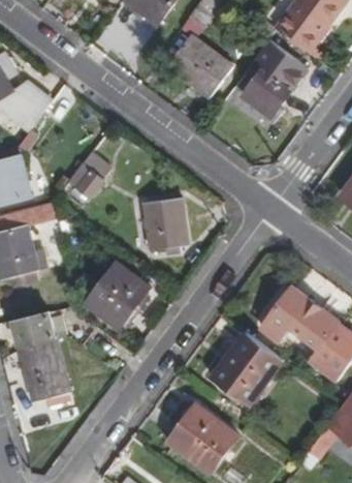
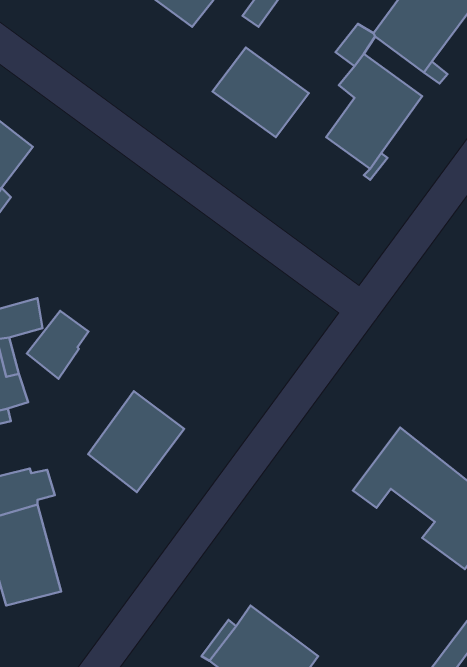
building: [70,153,110,198] -> [27,311,88,379]
building: [143,197,188,248] -> none
building: [215,332,285,403] -> none

